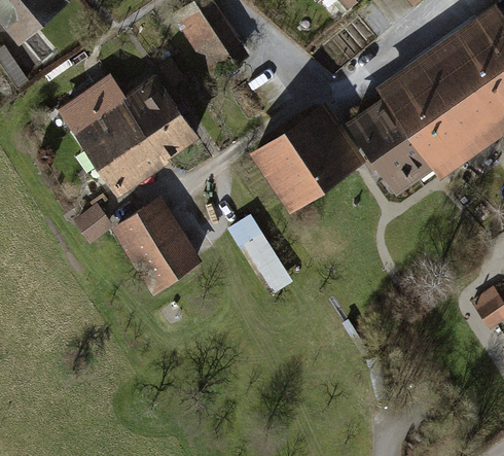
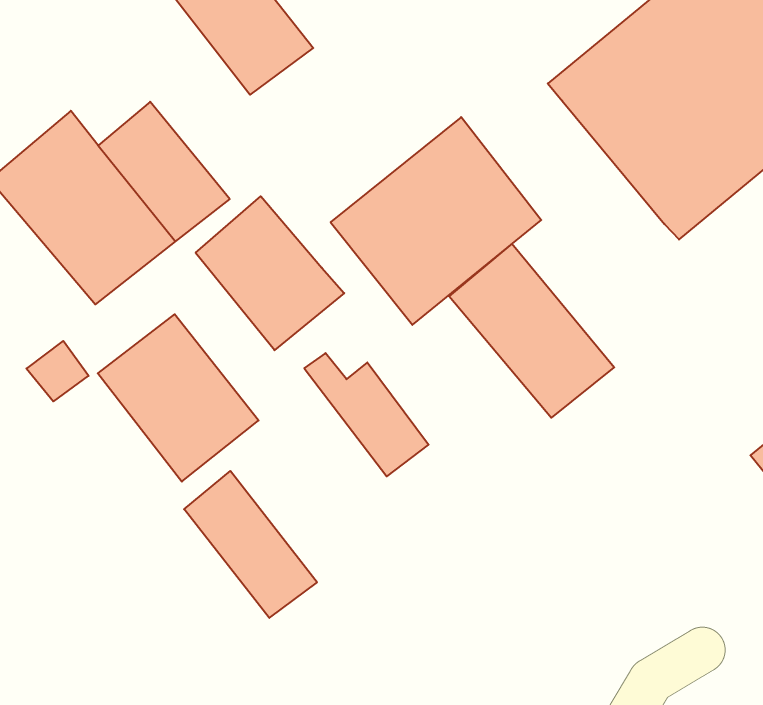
building: [346,98,433,196] -> [449,244,614,418]
building: none -> [196,196,344,350]
building: none -> [184,471,317,618]

